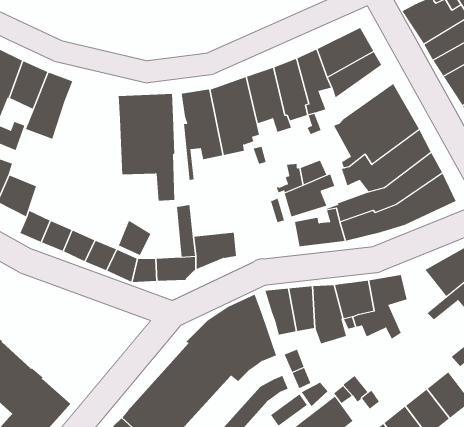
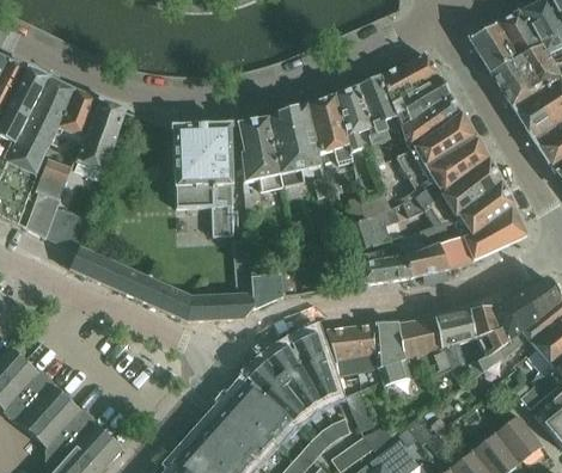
building: none -> [399,93,460,149]
building: [118,220,151,256] -> none
building: none -> [469,307,515,371]

